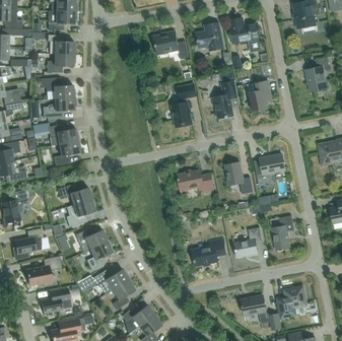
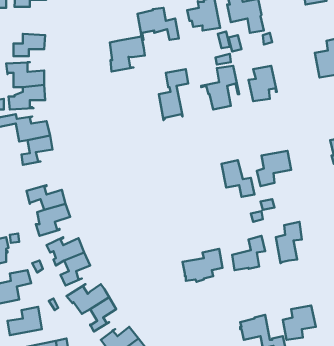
building: [48,36,74,55] -> none
building: none -> [110,36,145,72]
building: [178,169,213,192] -> none

